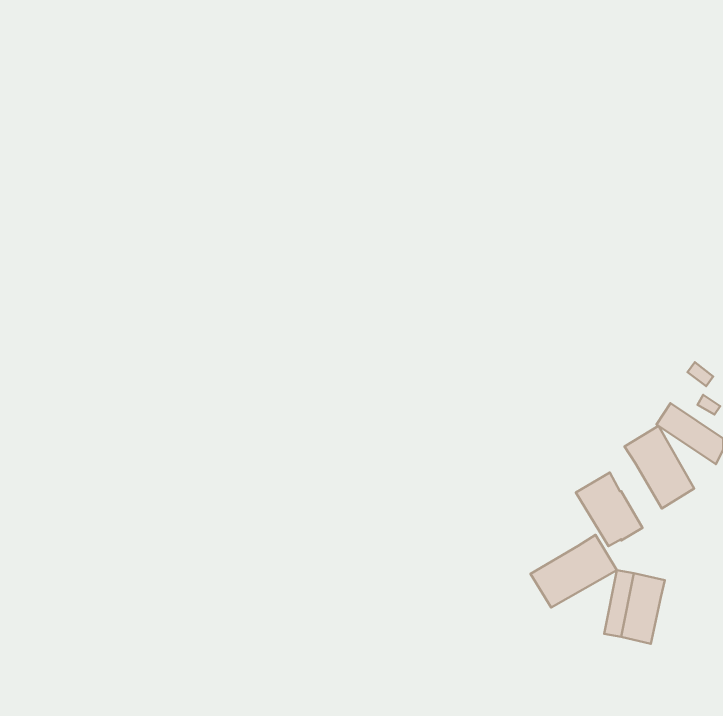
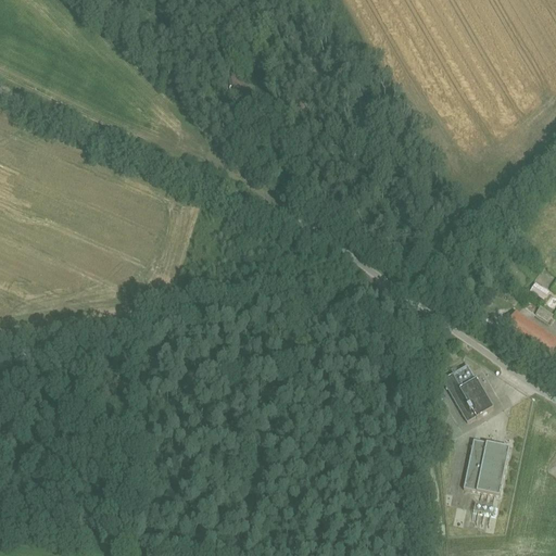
building: [625,426,694,508] -> none
building: [530,535,617,608] -> none

